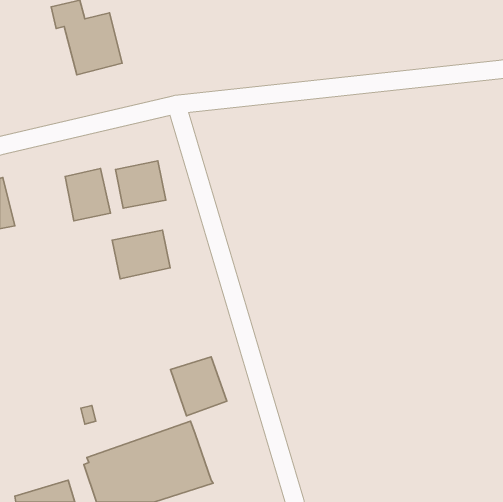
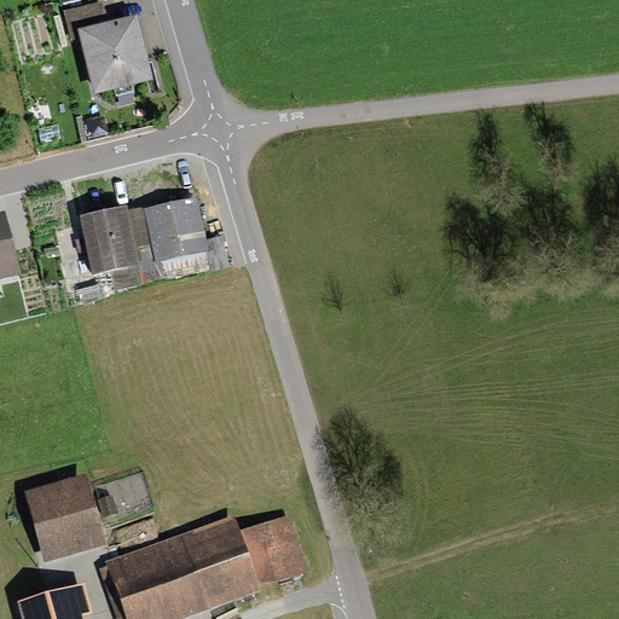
building: [112,230,170,279] -> none
building: [171,357,227,416] -> [239,516,308,589]
building: none -> [24,476,104,562]

